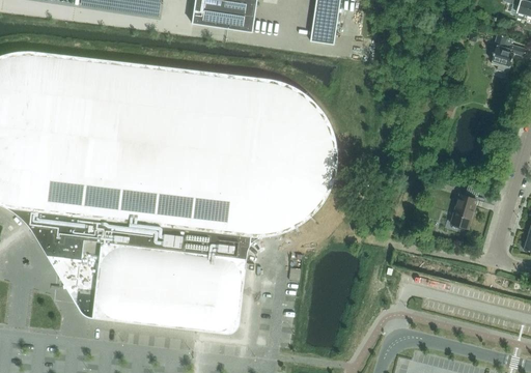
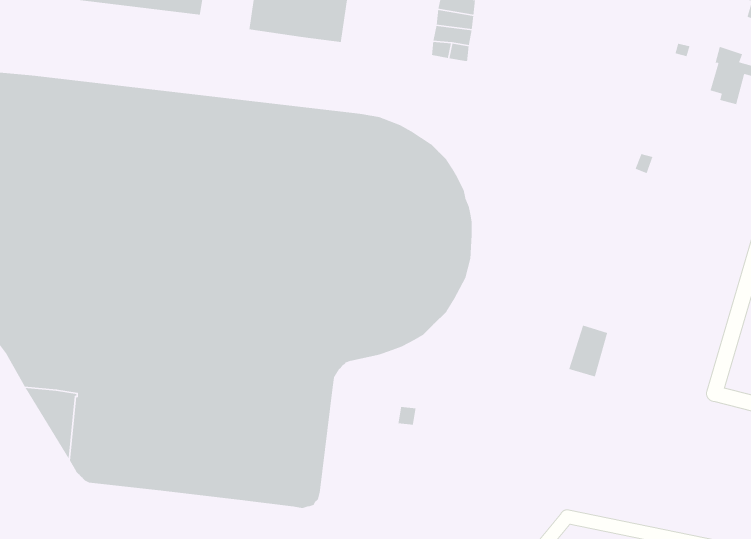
building: [449,194,475,228] -> [568,325,608,377]

